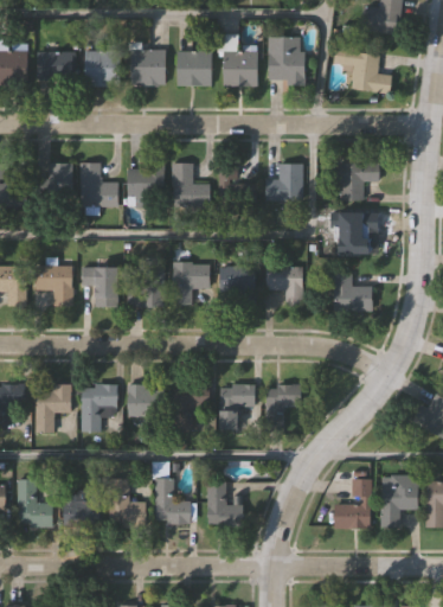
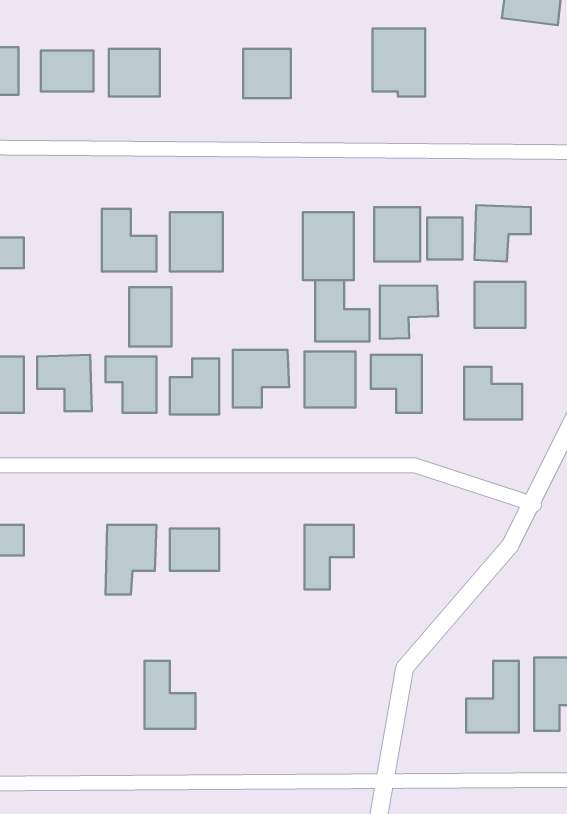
building: [130,51,165,87] -> none
building: [223,51,257,87] -> none
building: [344,52,391,92] -> none
building: [41,164,71,205] -> [129,287,172,347]
building: [172,164,210,206] -> [315,280,370,341]
building: none -> [427,217,462,260]
building: none -> [380,286,438,339]
building: [174,383,210,432] -> none
building: [34,384,71,432] -> none
building: [265,384,301,429] -> none
building: [153,462,190,524] -> none
building: [17,480,52,526] -> none
building: [207,481,242,524] -> none
building: [64,486,99,526] -> none

